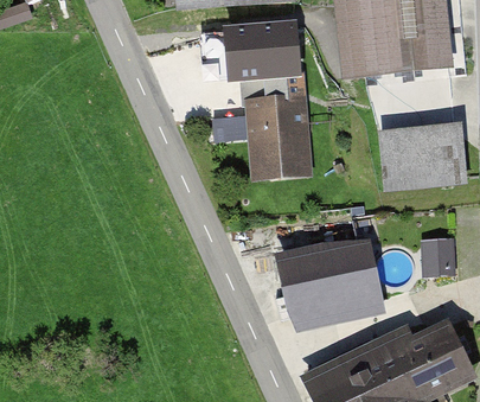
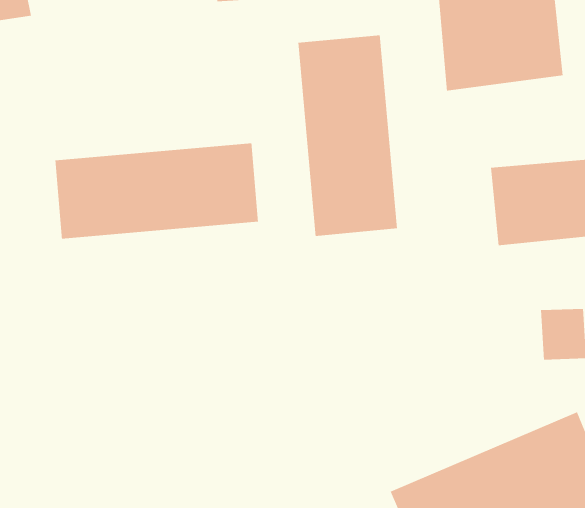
building: none -> [55,142,258,239]
building: [277,242,384,324] -> none

